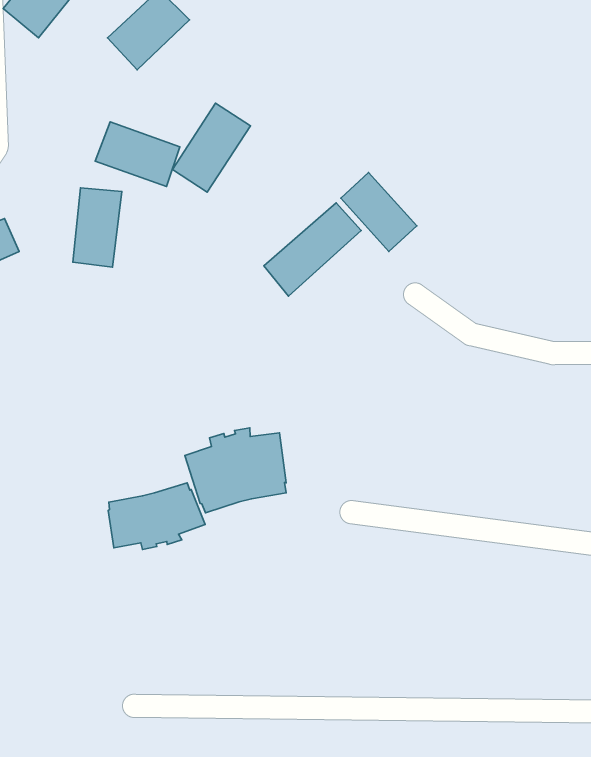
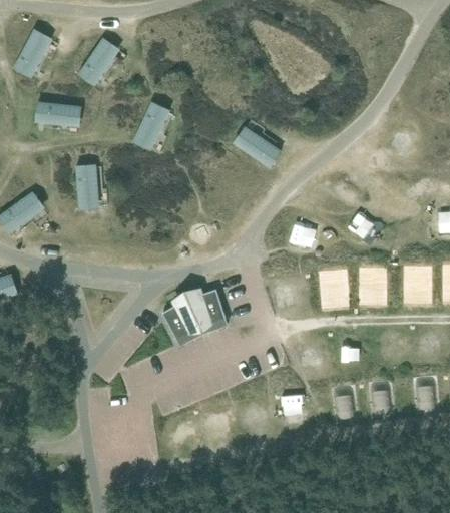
building: [95,122,180,187] -> [32,98,81,131]
building: [264,203,361,296] -> none
building: [108,483,205,549] -> none

